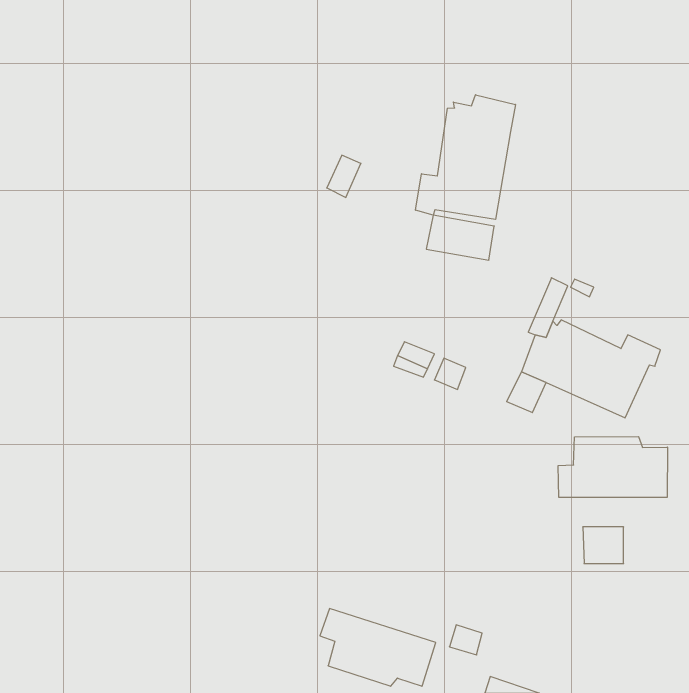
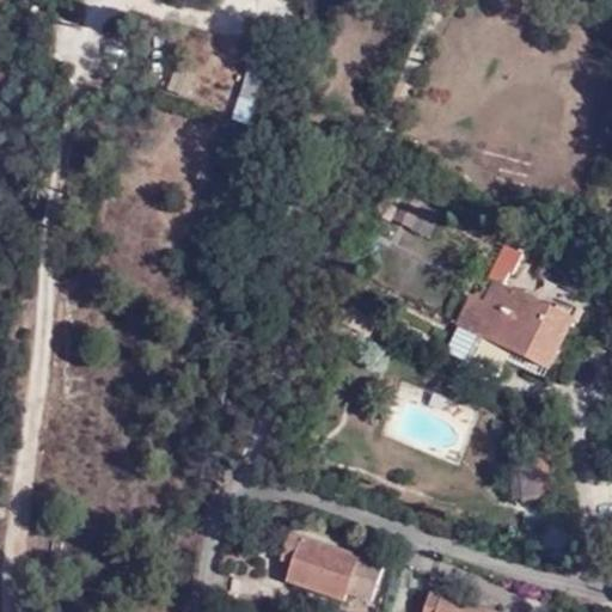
building: [416,95,515,219] -> none
building: [558,437,667,497] -> none

